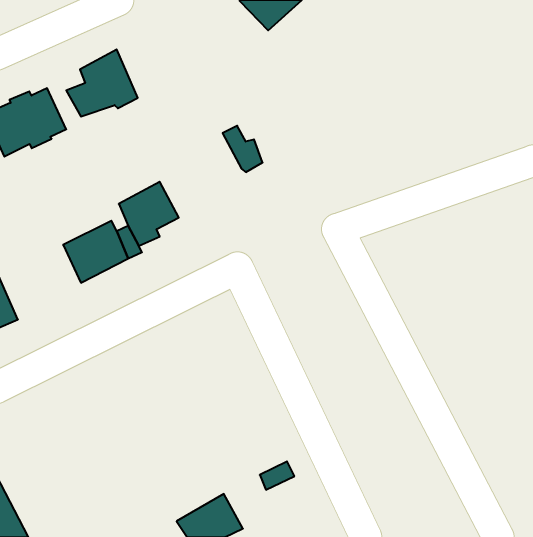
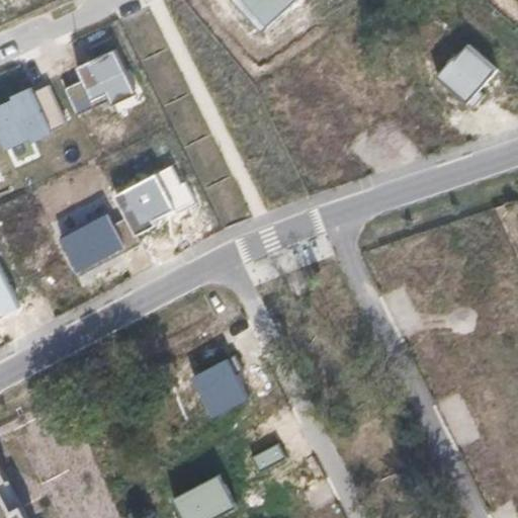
building: none -> [434,45,497,100]
building: [223,126,263,172] -> [154,168,192,212]
building: none -> [183,358,249,421]

